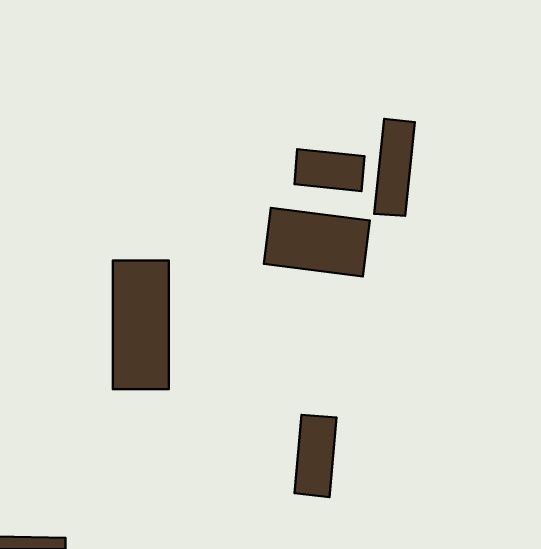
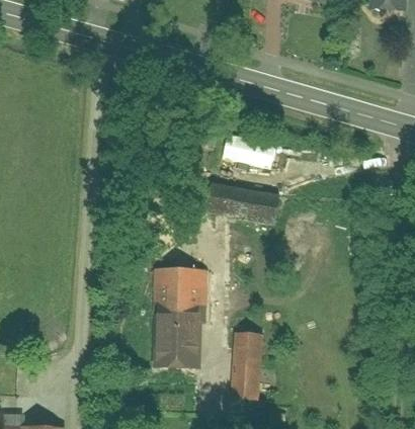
building: [374,119,415,216] -> none
building: [113,260,169,389] -> [163,270,203,363]

